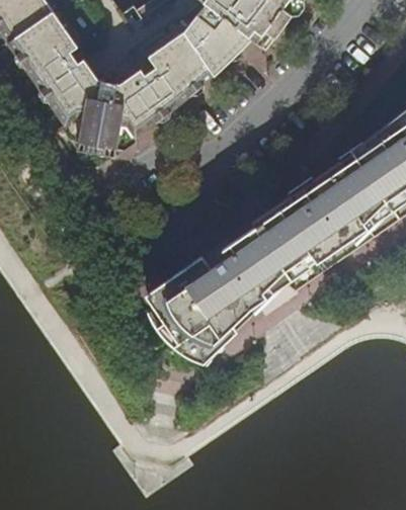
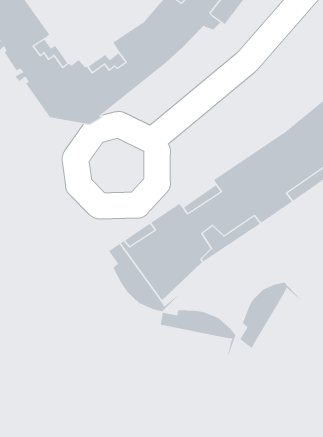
building: none -> [240,282,311,349]
building: none -> [160,310,236,367]

